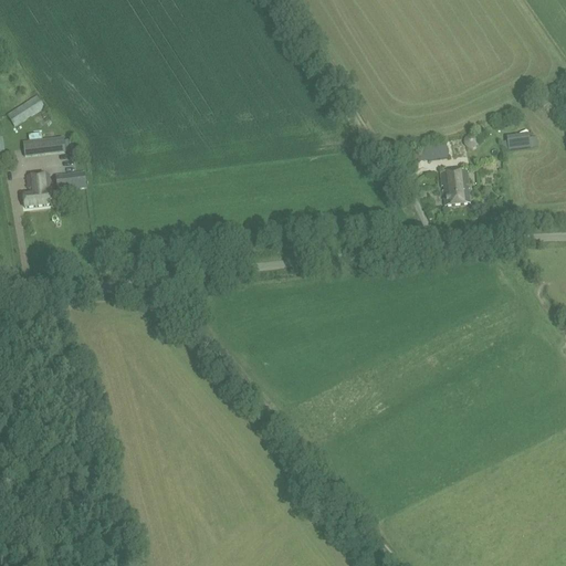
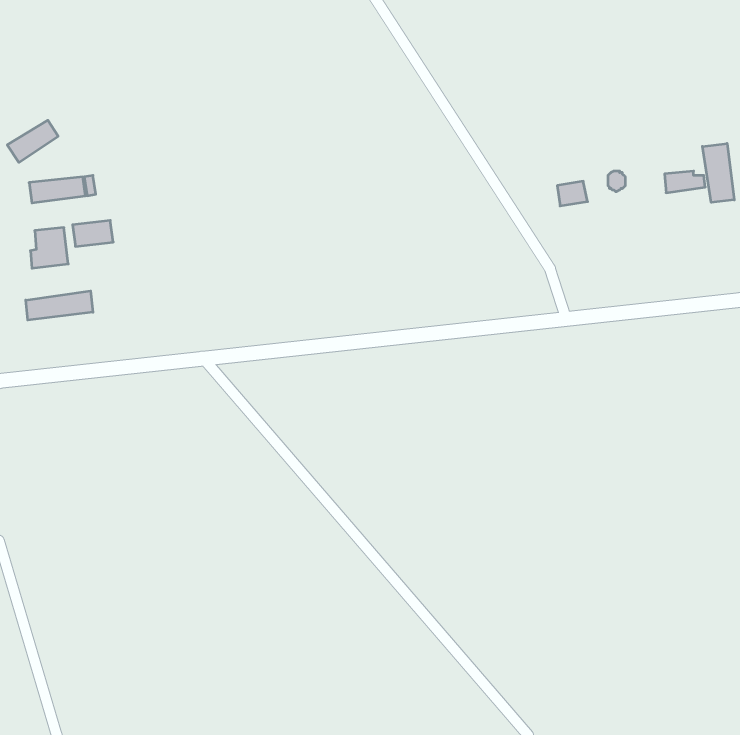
building: none -> [702,143,734,202]
building: [440,168,469,202] -> none
building: none -> [26,291,93,320]

